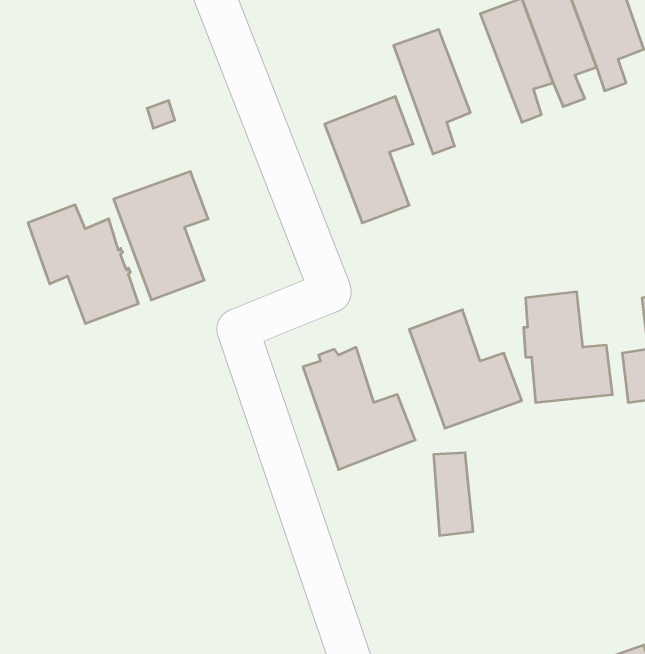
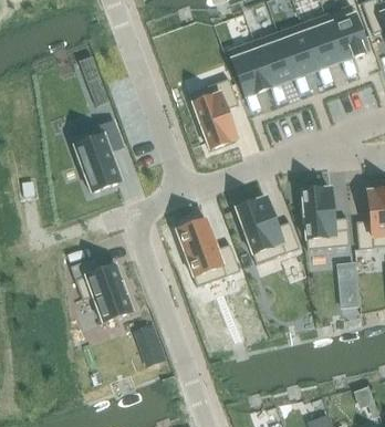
building: none -> [253,32,294,102]
building: [28,205,138,323] -> [71,257,133,323]
building: [434,453,473,536] -> [337,262,360,309]

